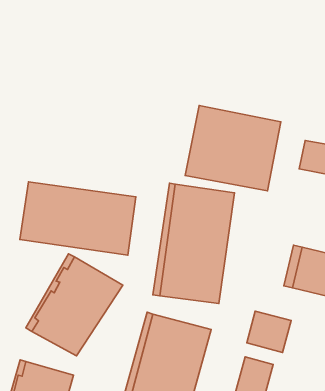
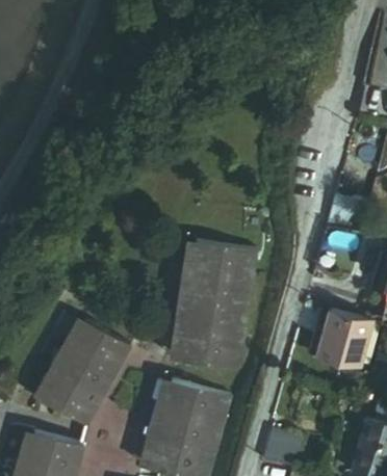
building: [185,106,281,191] -> none
building: [20,182,136,255] -> none
building: [247,311,291,352] -> none

